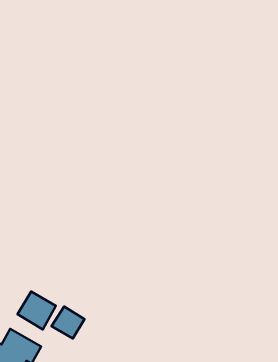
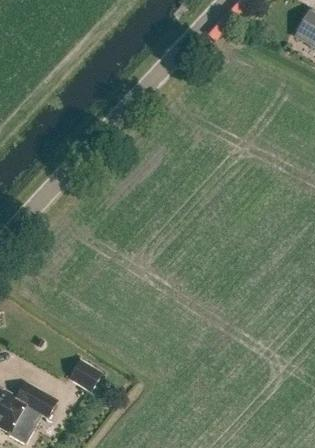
building: [18,292,56,330] -> none

